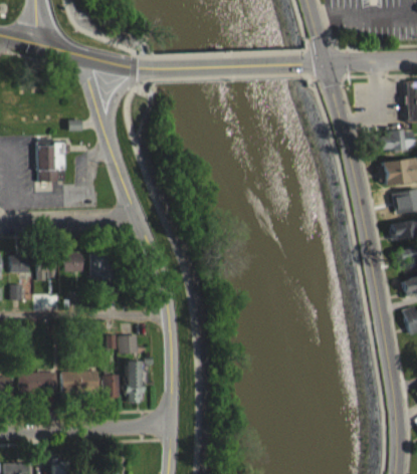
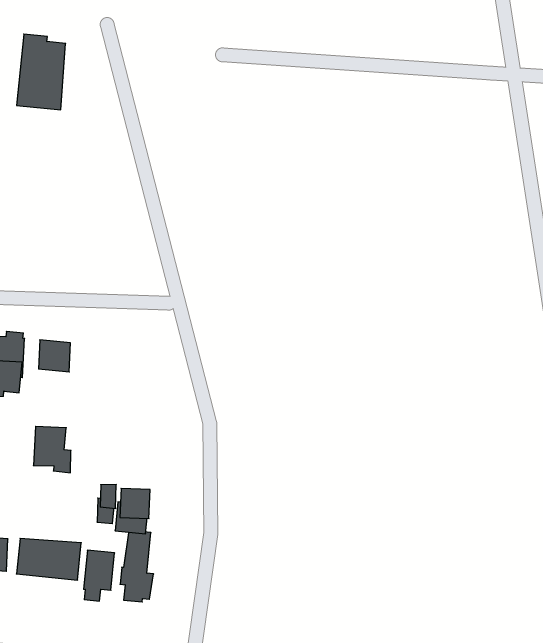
building: [39,139,65,181] -> [17,34,66,110]
building: [91,252,115,278] -> [33,426,71,473]

